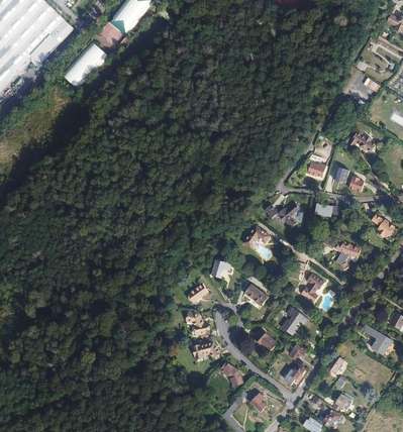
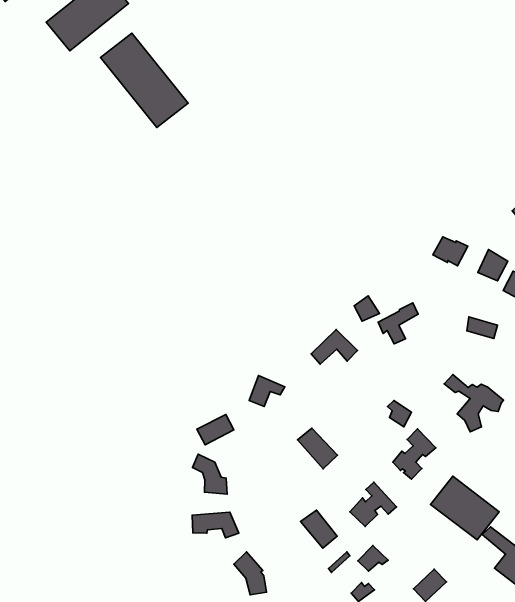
building: none -> [101,33,188,127]
building: none -> [431,476,499,540]

